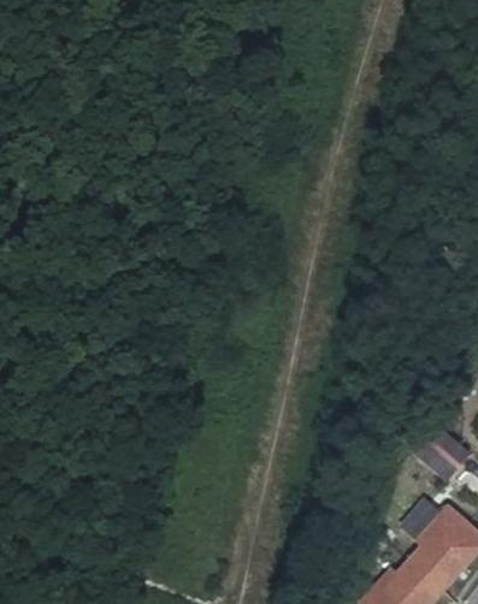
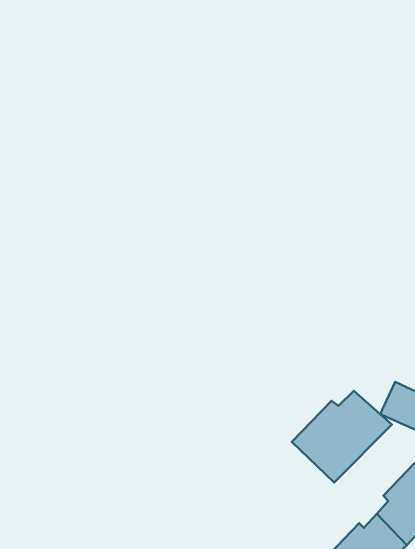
building: none -> [292,391,392,482]

